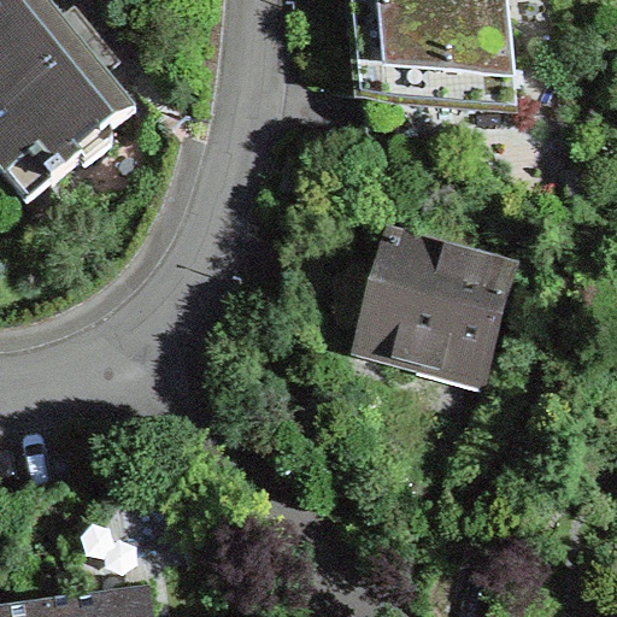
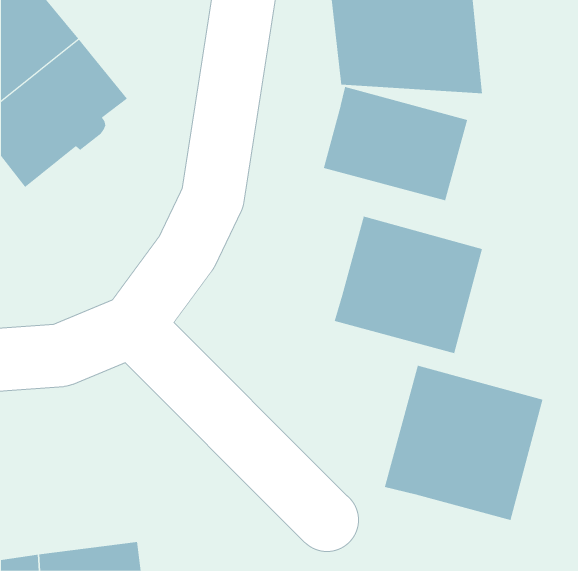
building: none -> [323,86,468,201]
building: none -> [384,365,543,521]

